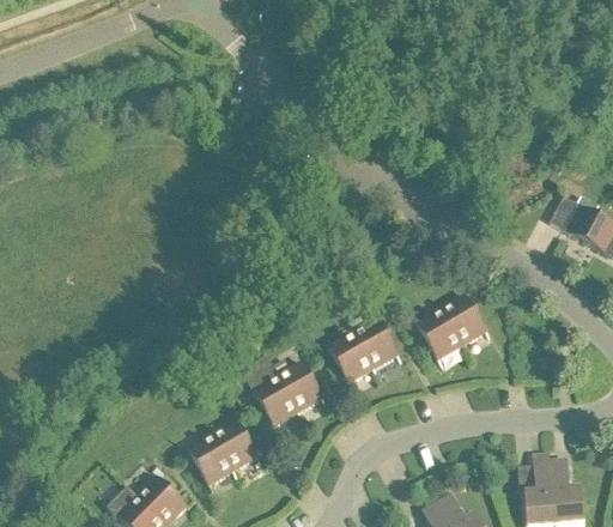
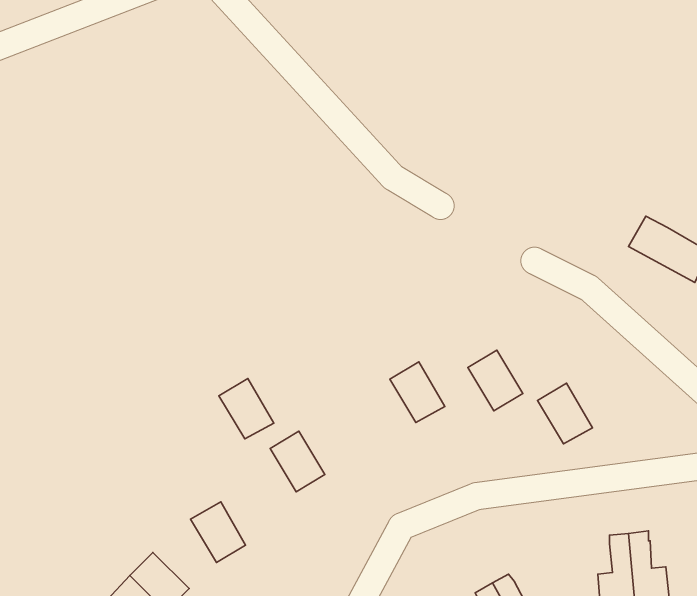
building: [441,292,486,343] -> [537,383,592,444]
building: [328,331,374,381] -> none
building: [277,359,322,410] -> [219,378,274,439]
building: [212,418,257,468] -> none

